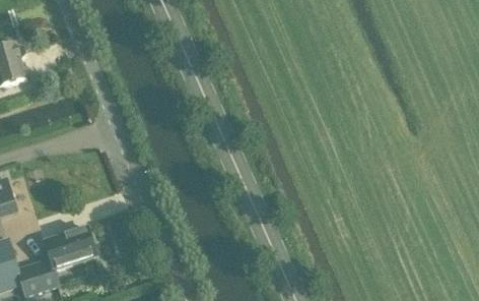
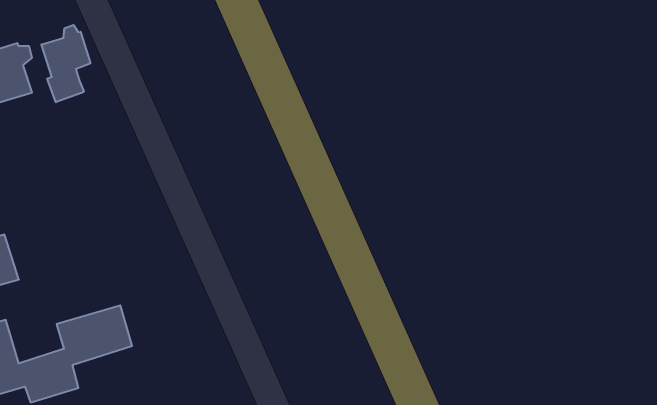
building: none -> [41,25,90,102]

